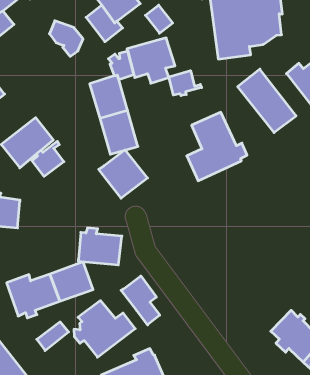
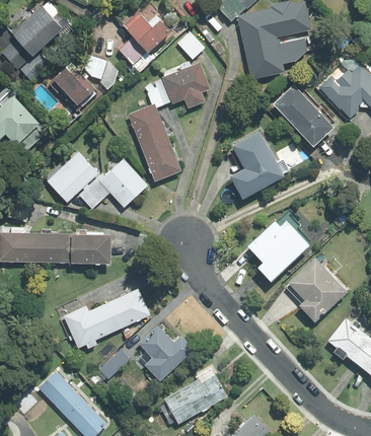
building: none -> [49,63,94,105]
building: [169,71,202,96] -> none
building: [99,150,148,198] -> [98,159,147,207]
building: none -> [246,221,308,281]
building: [78,228,122,265] -> [70,230,110,264]
building: none -> [285,259,347,322]
building: [121,276,160,325] -> none

